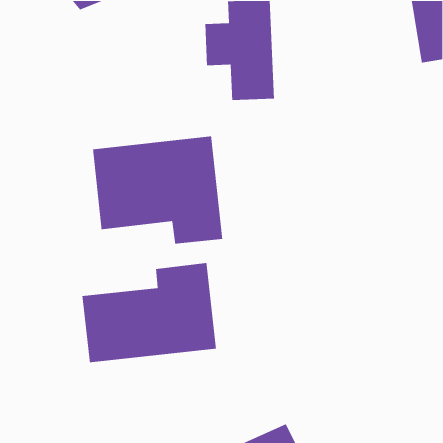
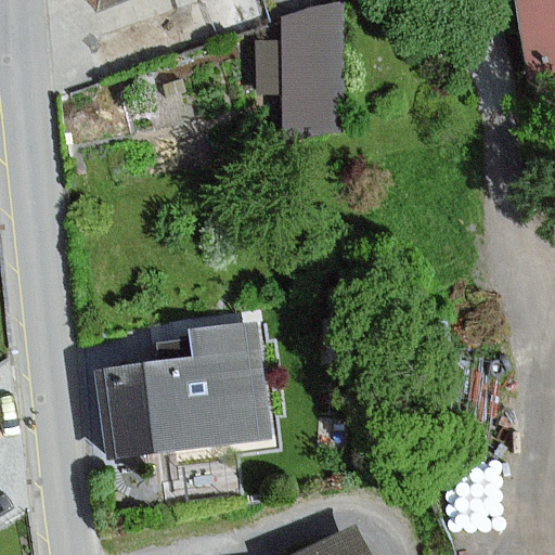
building: [92,135,223,245] -> none

